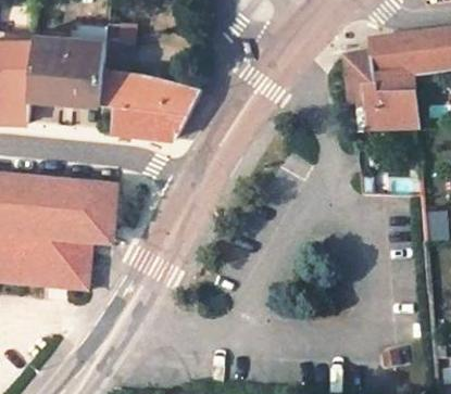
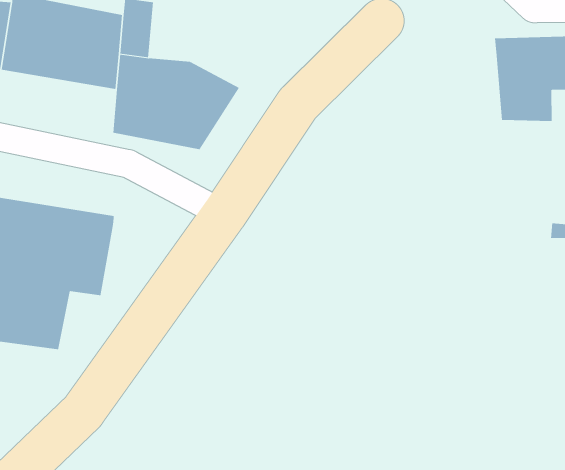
building: [361,52,418,127] -> none

